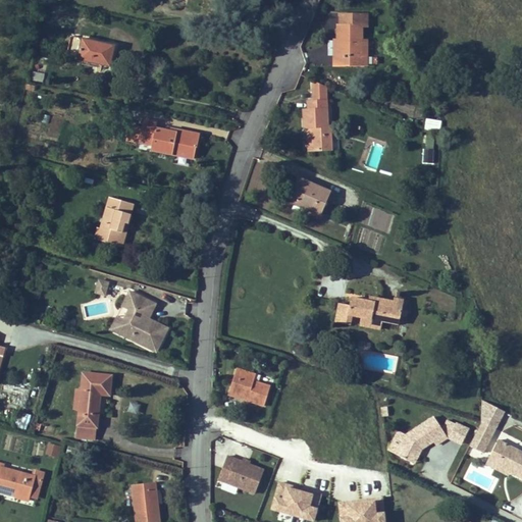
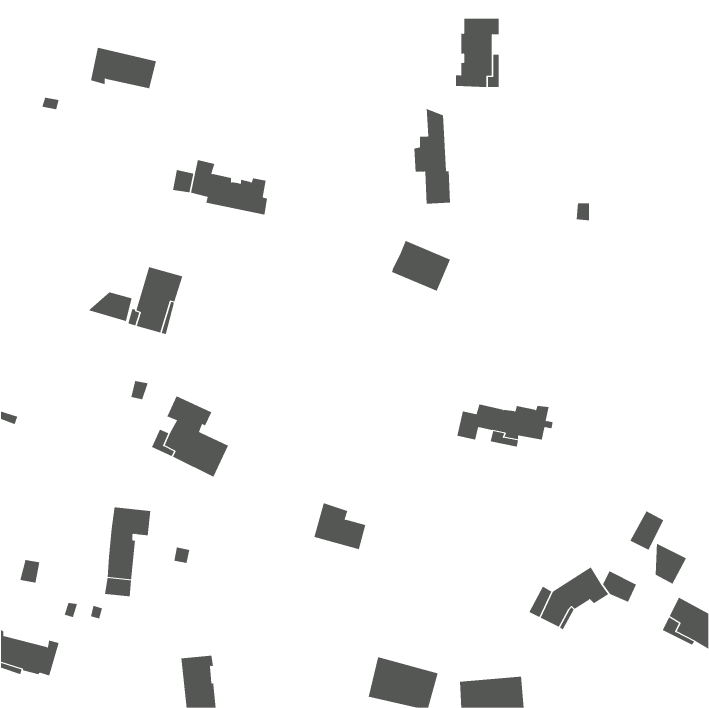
building: none -> [88,292,132,322]
building: [469,422,494,452] -> [629,510,664,551]
building: [218,455,264,492] -> none

